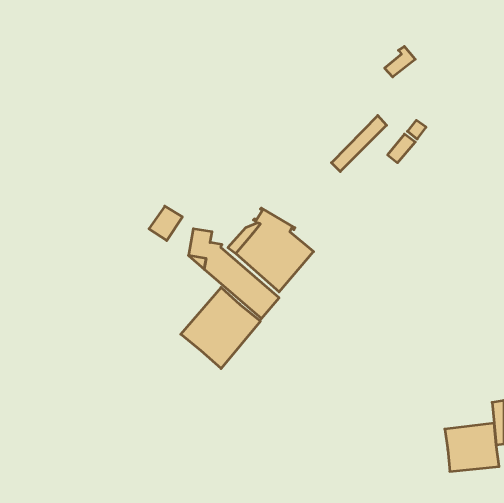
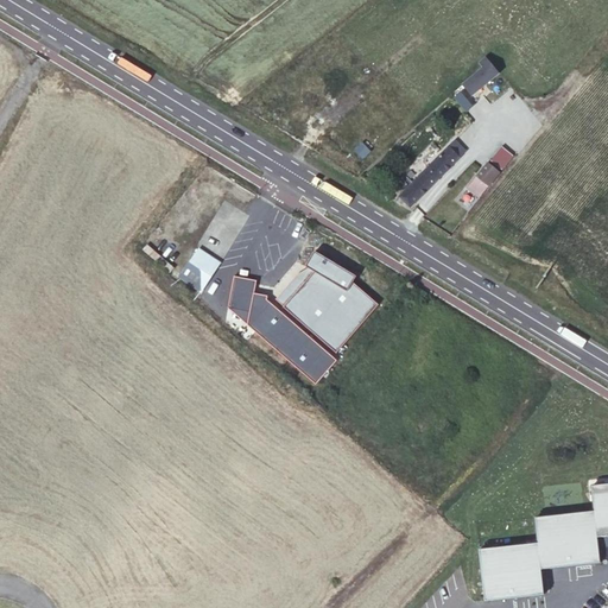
building: [181,287,260,369] -> none
building: none -> [480,542,544,600]

